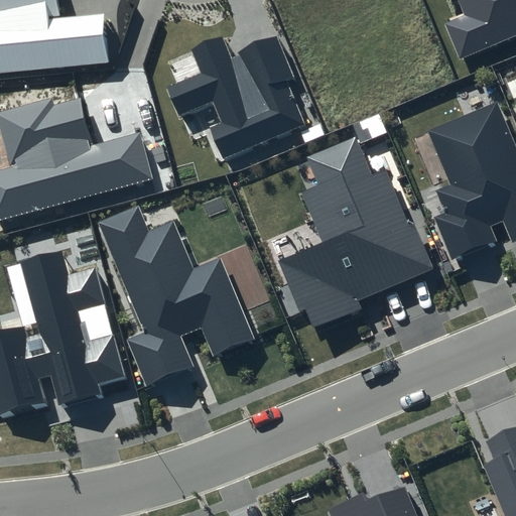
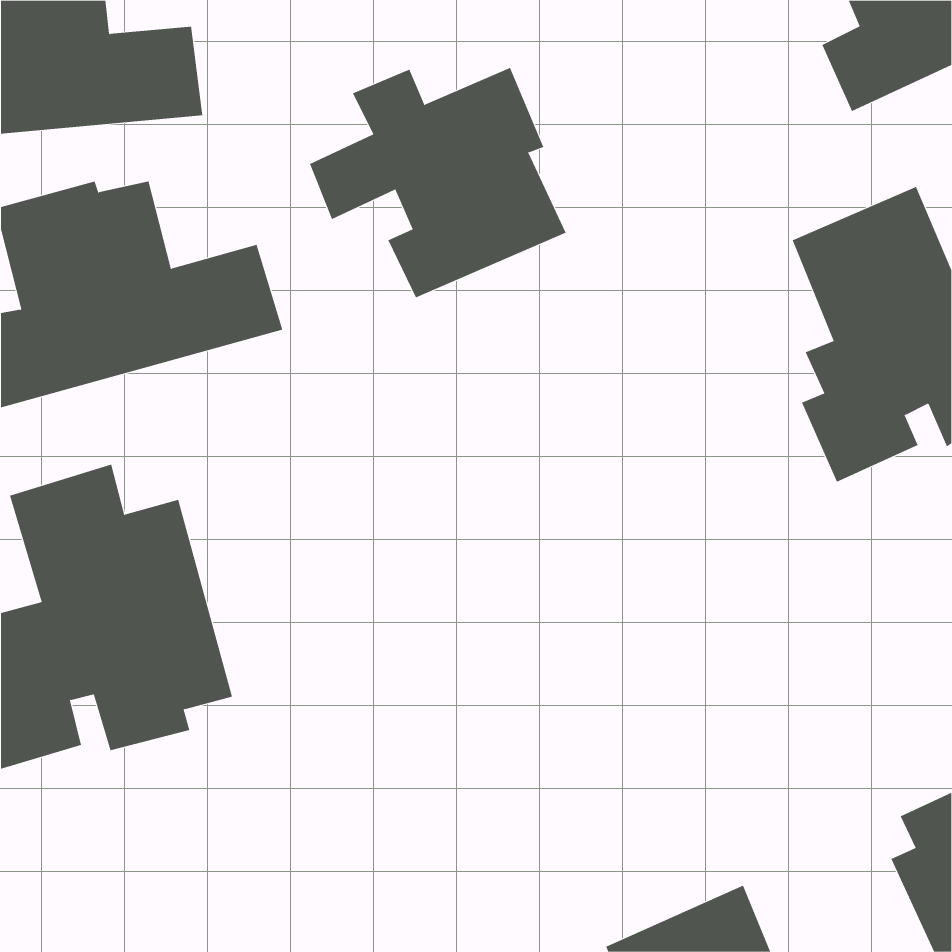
building: [279,136,434,332] -> none
building: [98,207,255,388] -> none

